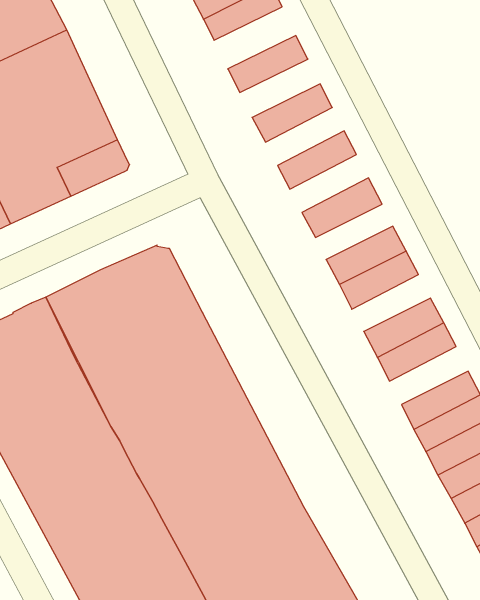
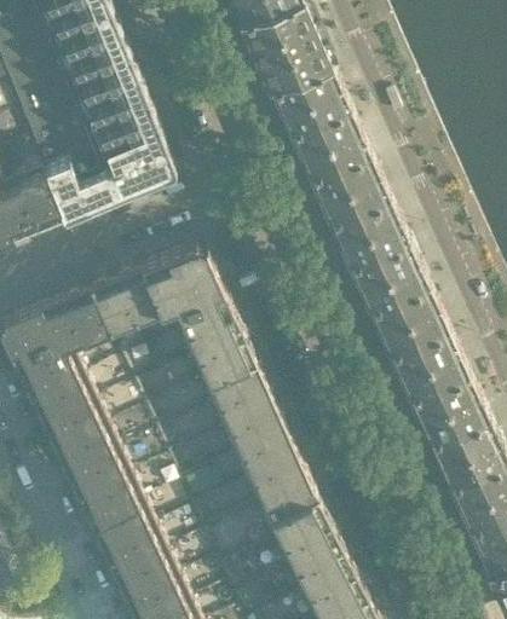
building: none -> [258,37,332,91]
building: none -> [278,86,351,135]
building: none -> [299,131,370,180]
building: none -> [318,174,390,224]
building: none -> [339,220,409,267]
building: none -> [368,285,439,334]
building: none -> [398,352,469,401]

